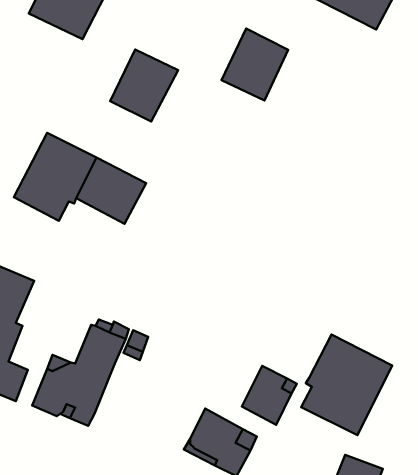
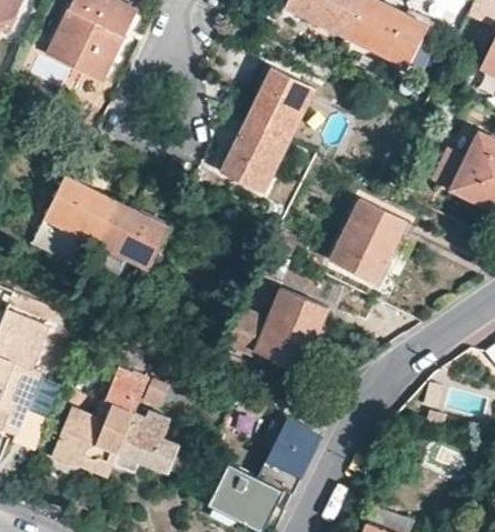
building: [110,50,178,122] -> [220,120,290,194]
building: none -> [335,201,407,283]
building: none -> [220,288,327,371]
building: [301,335,392,435] -> none
building: none -> [115,411,194,475]

